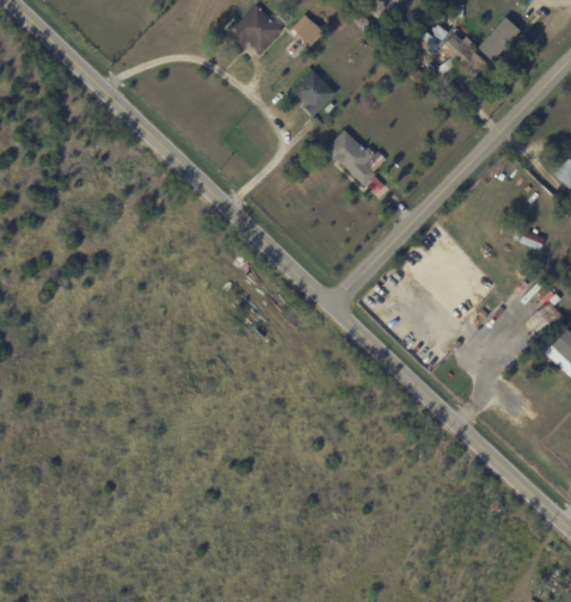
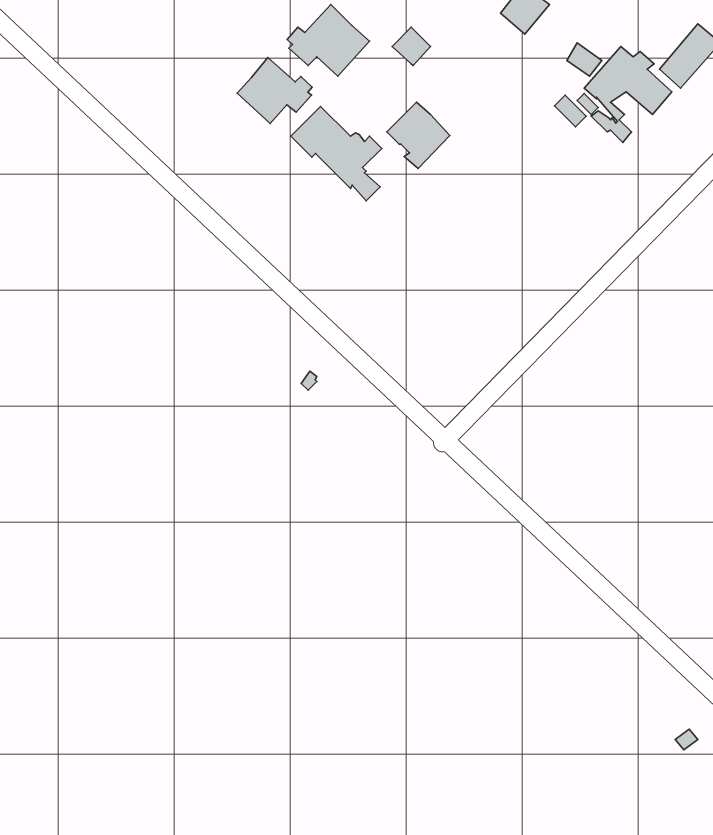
building: none -> [237,58,312,123]
building: [324,129,386,194] -> [291,106,382,201]

